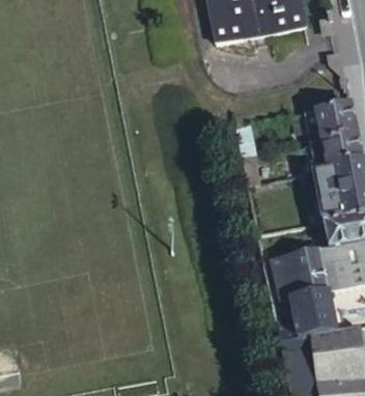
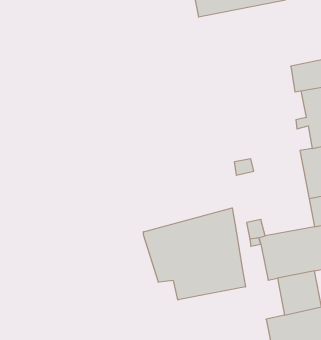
building: none -> [143,208,245,300]

